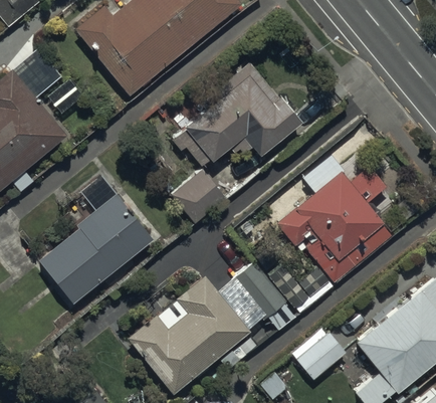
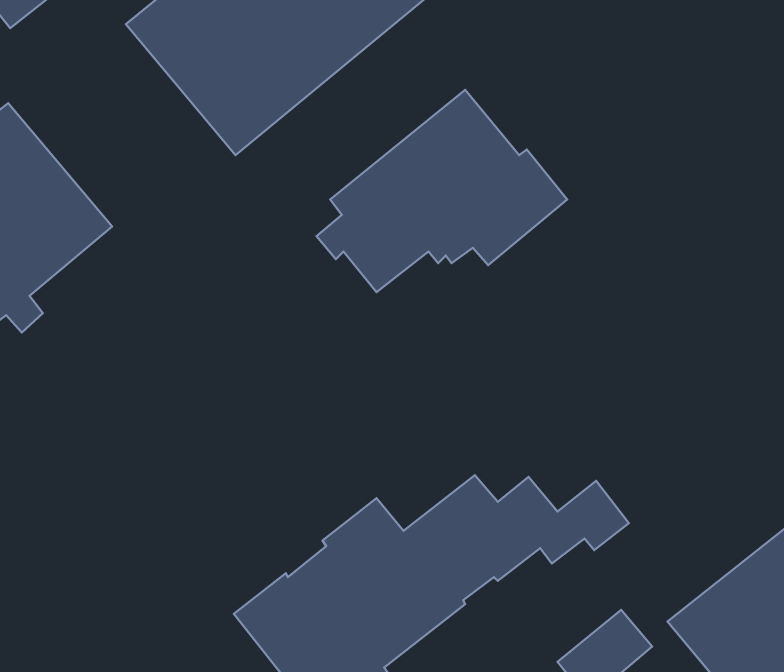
building: [277,166,396,285] -> none
building: [172,172,225,224] -> none
building: [38,192,154,303] -> none

